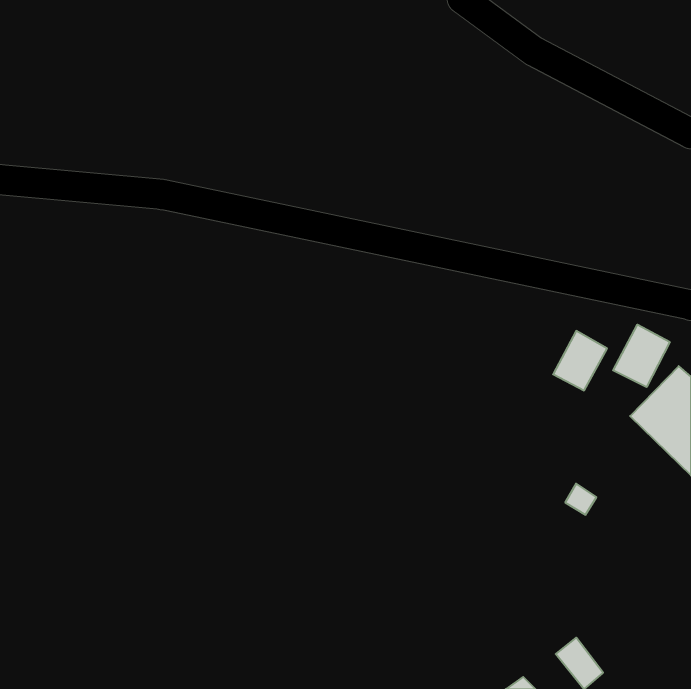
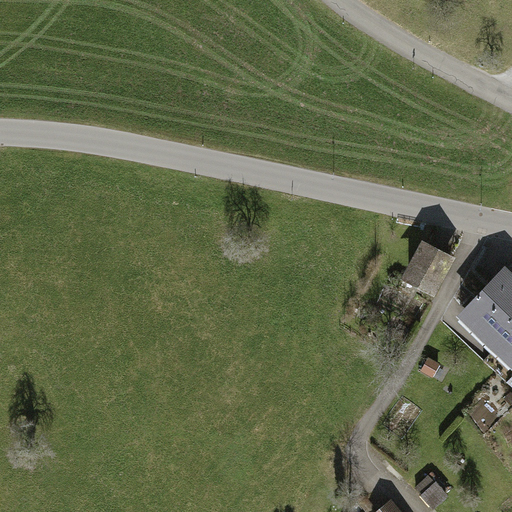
building: [613,325,670,387] -> none

